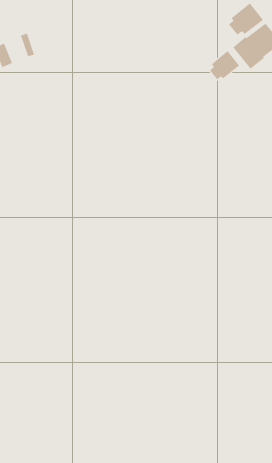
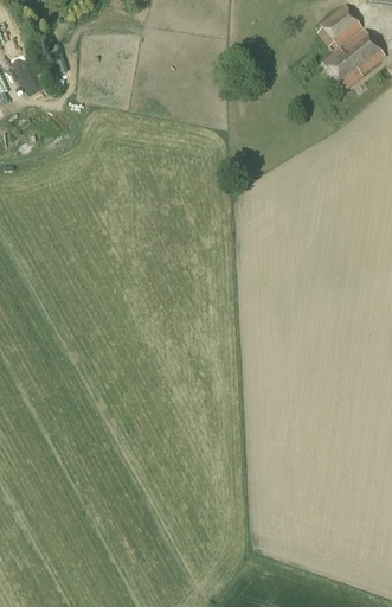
building: [209,50,240,80] -> none

